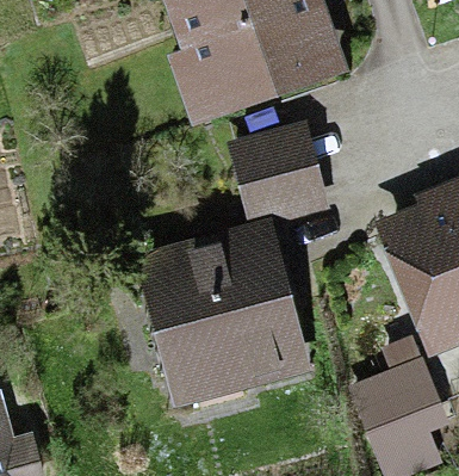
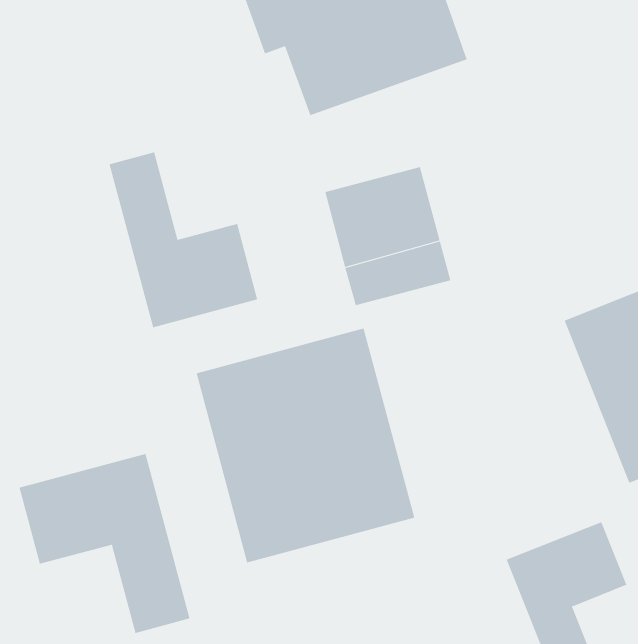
building: none -> [109,151,258,328]
building: none -> [19,453,190,634]

